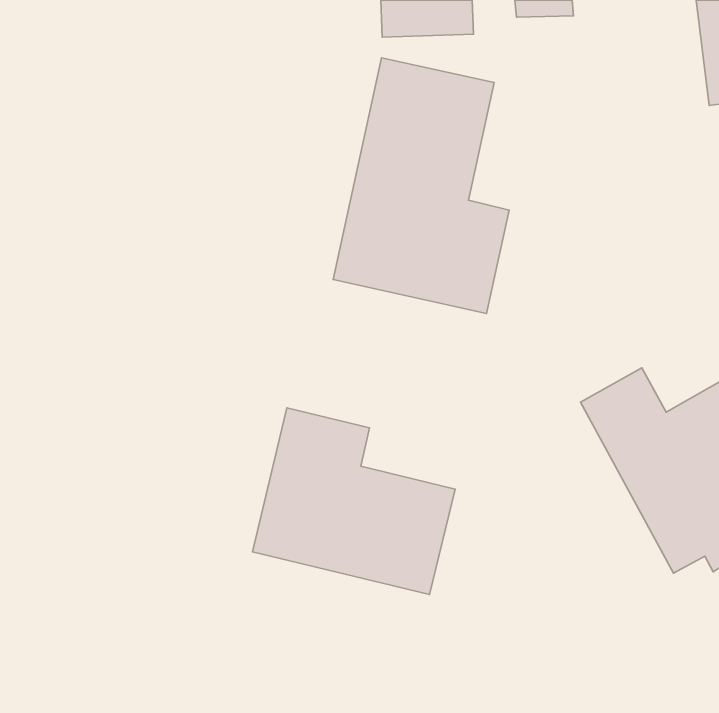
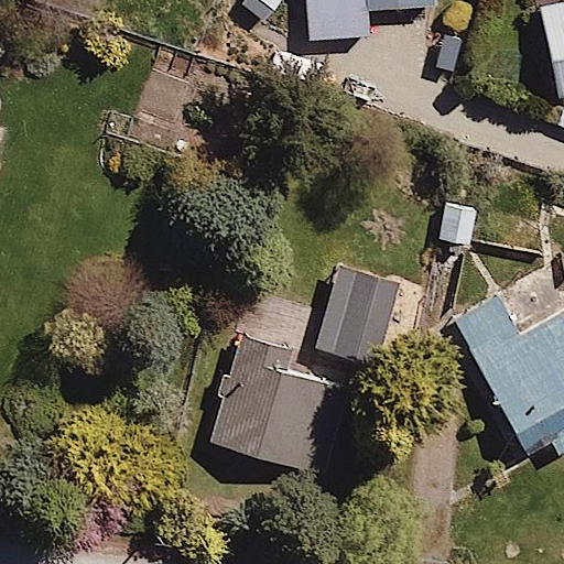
building: [333,58,509,314] -> none
building: none -> [316,259,390,367]

